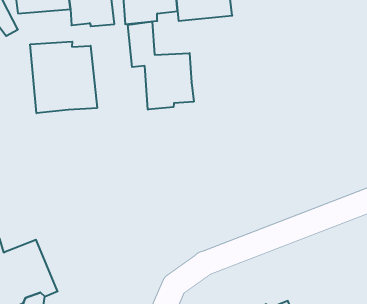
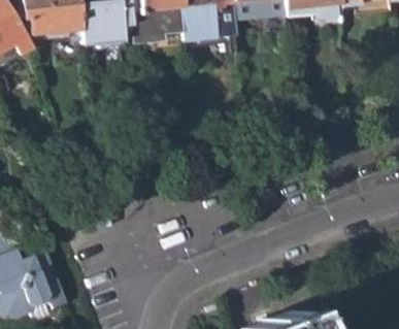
building: [128,21,194,110] -> none
building: [30,42,97,113] -> none

